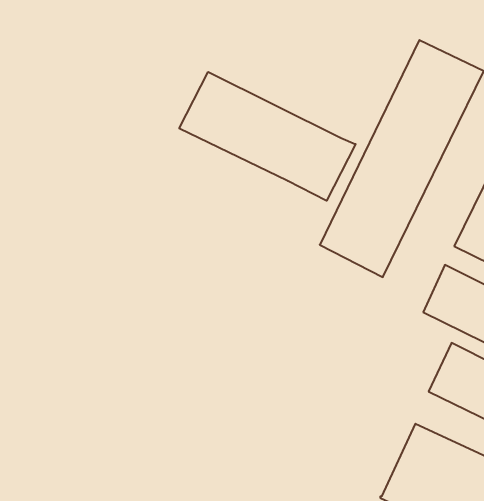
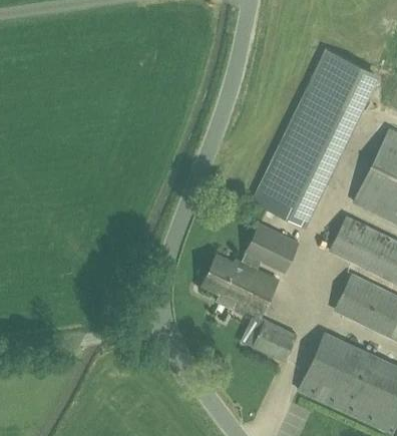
building: [179,72,356,201] -> none
building: none -> [205,226,296,316]
building: none -> [252,320,298,363]

